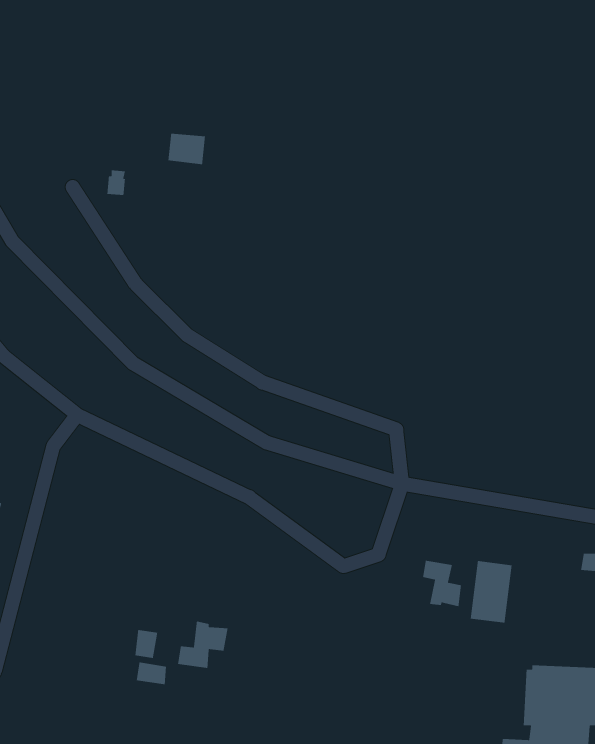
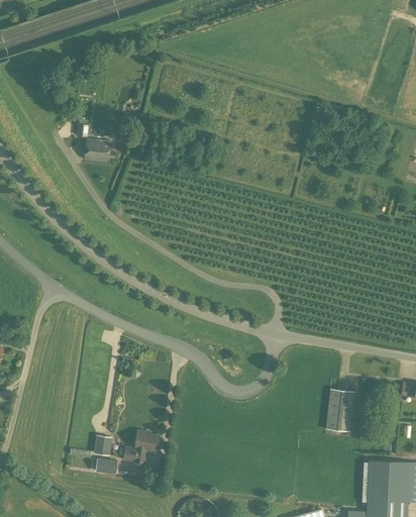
building: [168,133,206,165] -> [85,139,111,162]
building: [422,560,462,607] -> none

